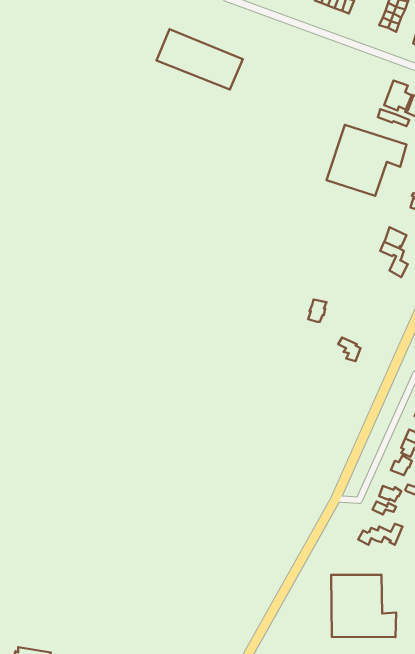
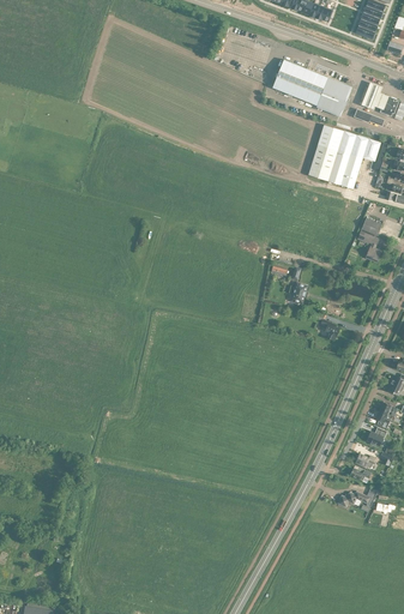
building: [156,29,243,89] -> [271,59,350,114]
building: [331,575,396,637] -> none

